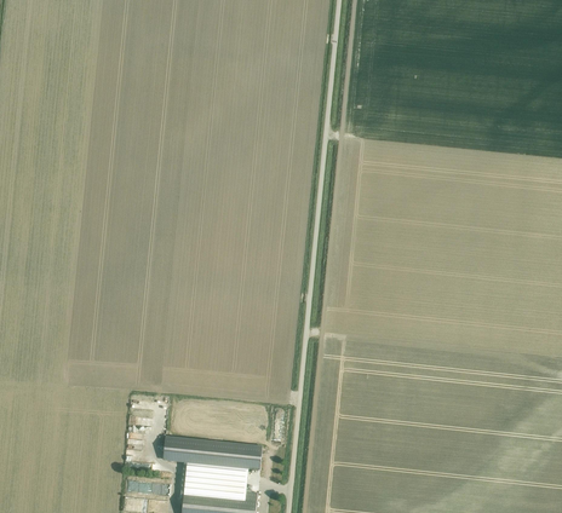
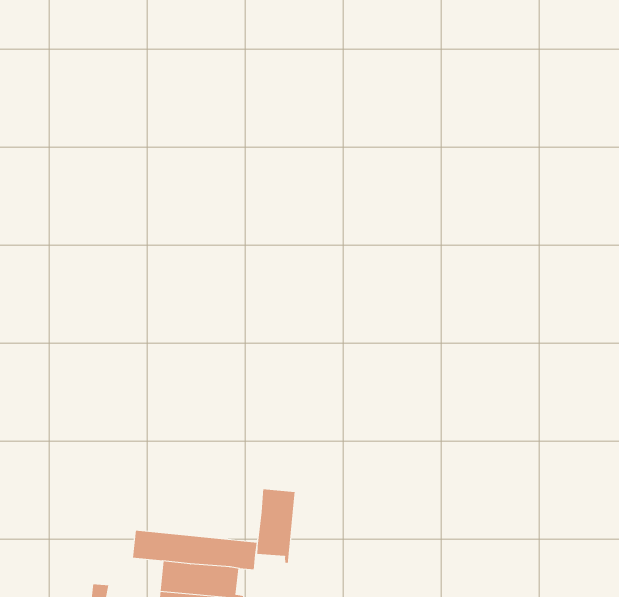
building: none -> [257,489,295,564]

